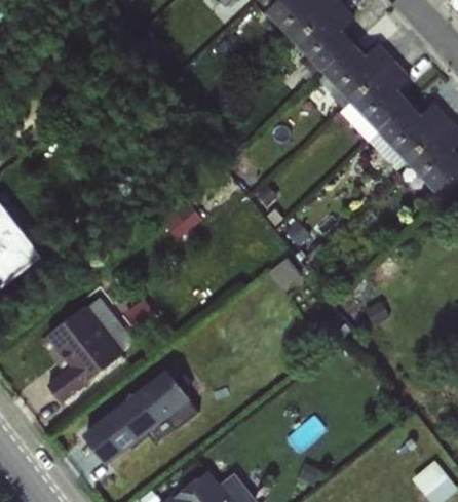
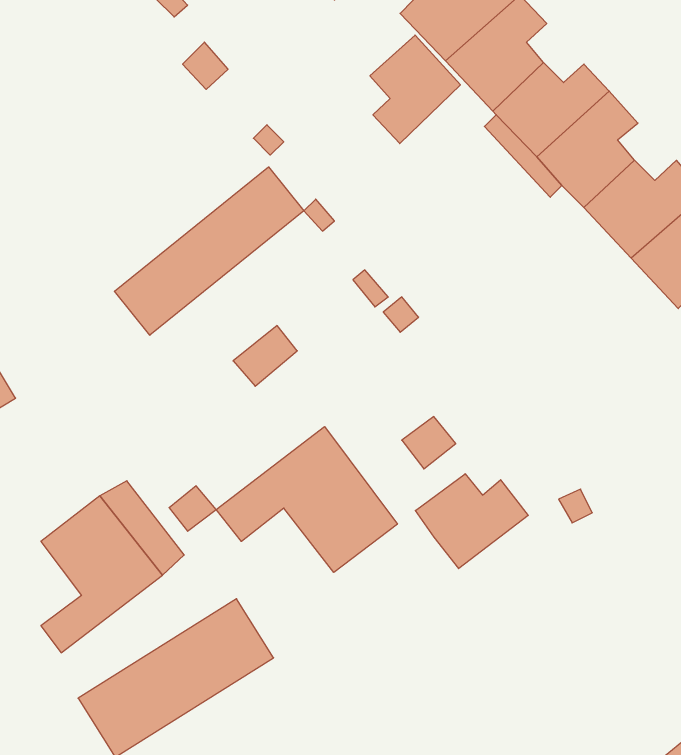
building: none -> [370,35,460,144]
building: none -> [114,167,304,335]
building: none -> [216,427,397,572]
building: none -> [415,474,528,569]

